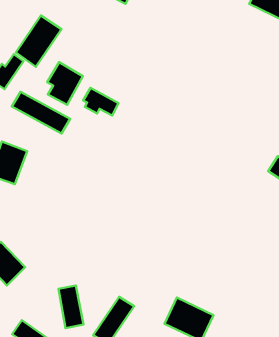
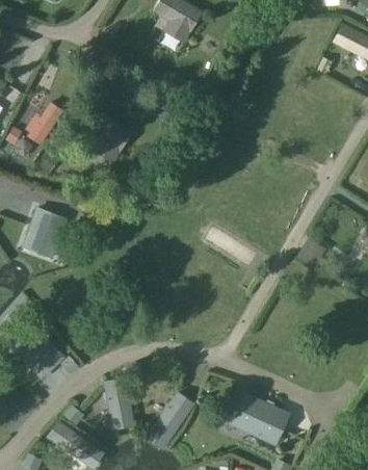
building: [16,16,62,67] -> none
building: [83,88,118,115] -> none
building: [12,92,70,134] -> none

